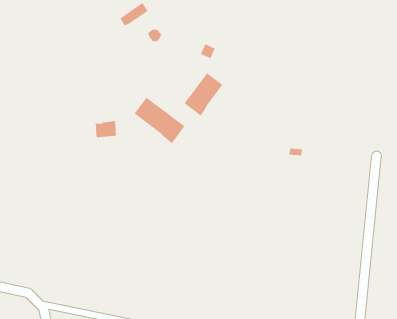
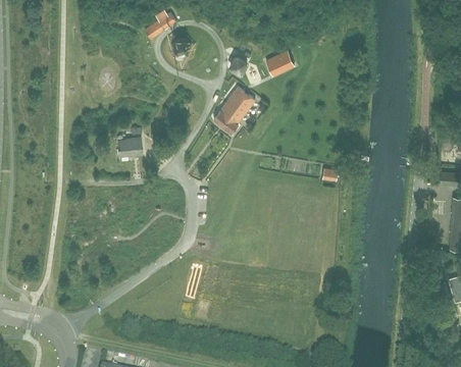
building: none -> [265,46,294,70]
building: [134,97,185,144] -> none

